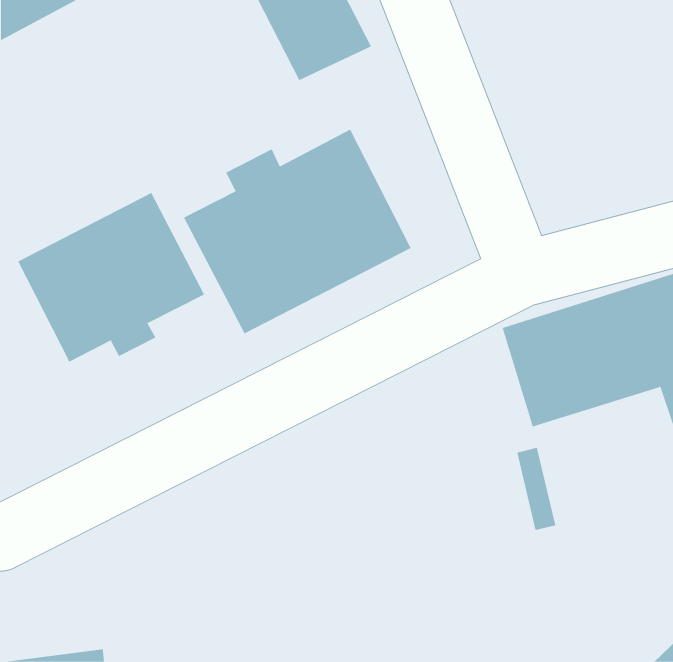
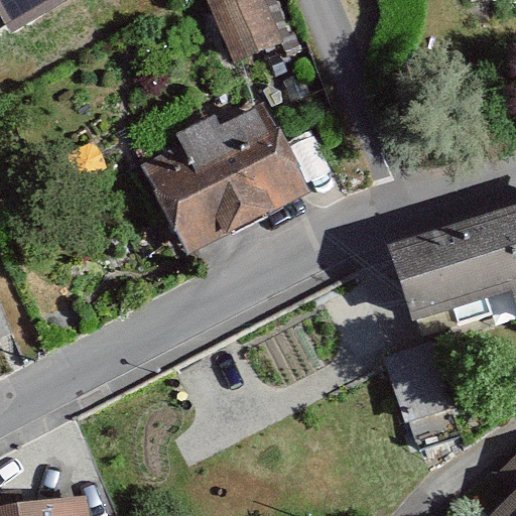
building: [18,192,205,363] -> none

